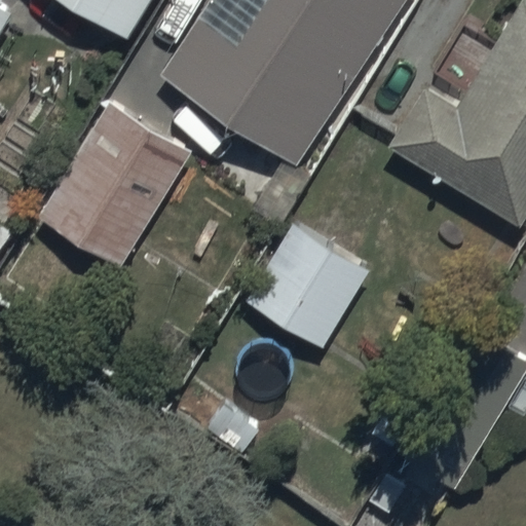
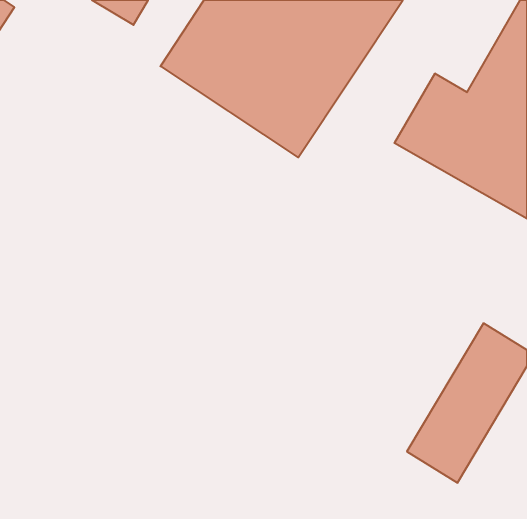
building: [38,101,191,266] -> none
building: [245,223,371,350] -> none

